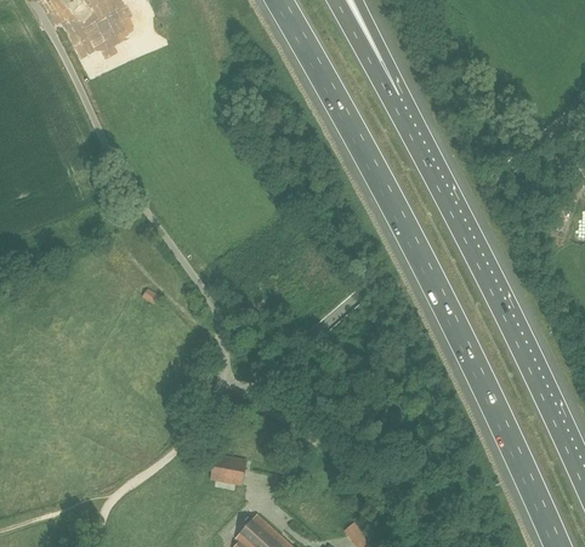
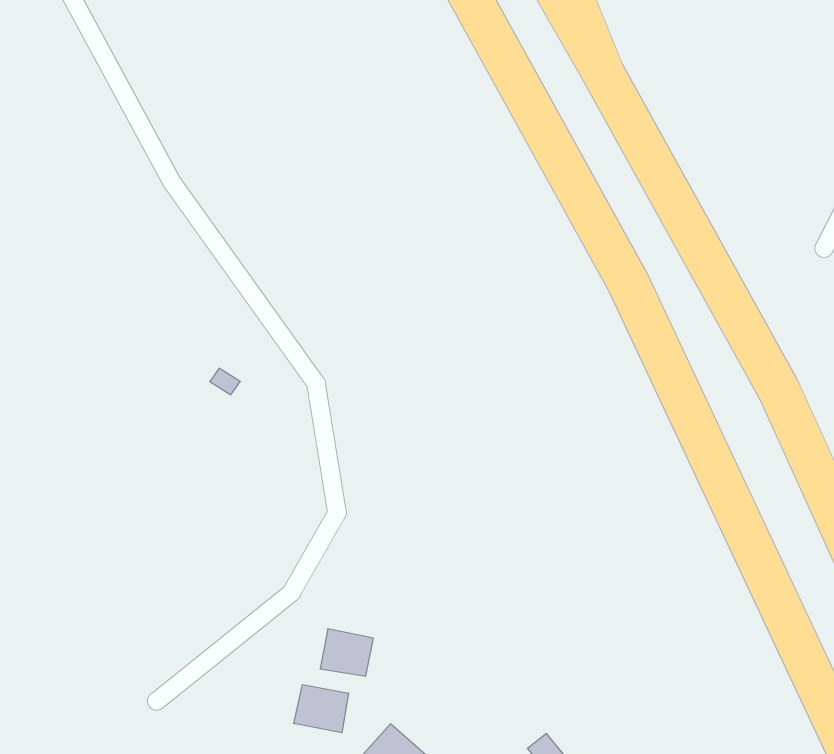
building: none -> [294,685,348,733]

